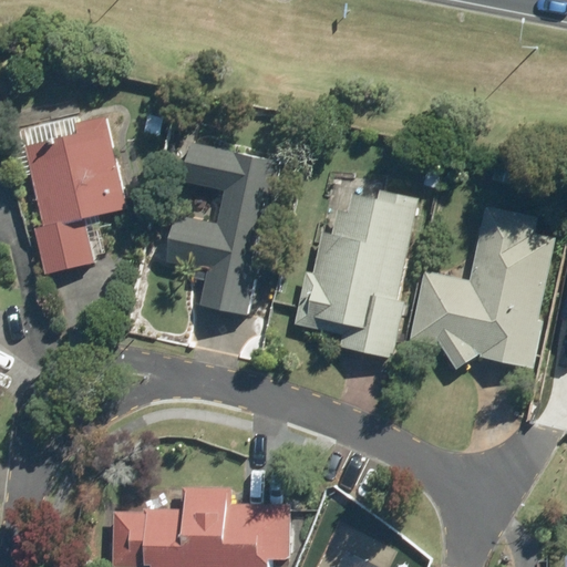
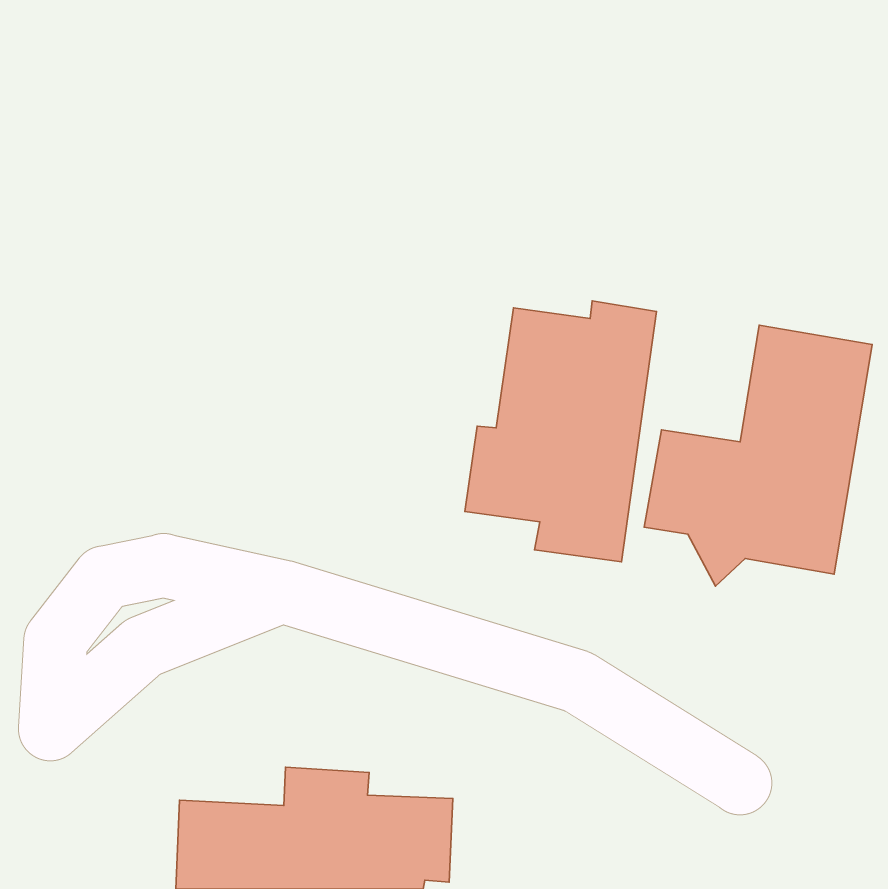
building: [8,120,125,275] -> none
building: [166,147,271,315] -> none

